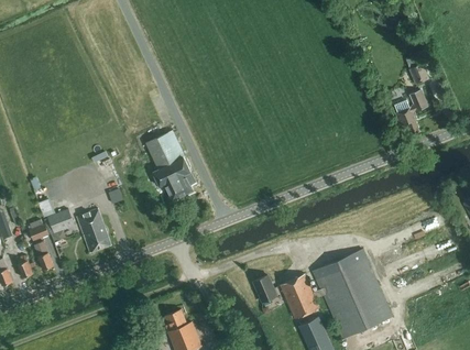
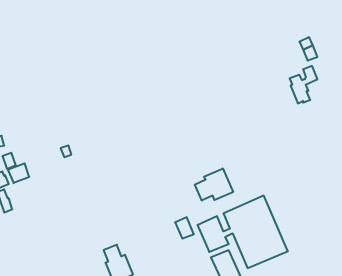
building: [146,130,196,199] -> none
building: [77,209,111,253] -> none
building: none -> [195,168,233,201]

